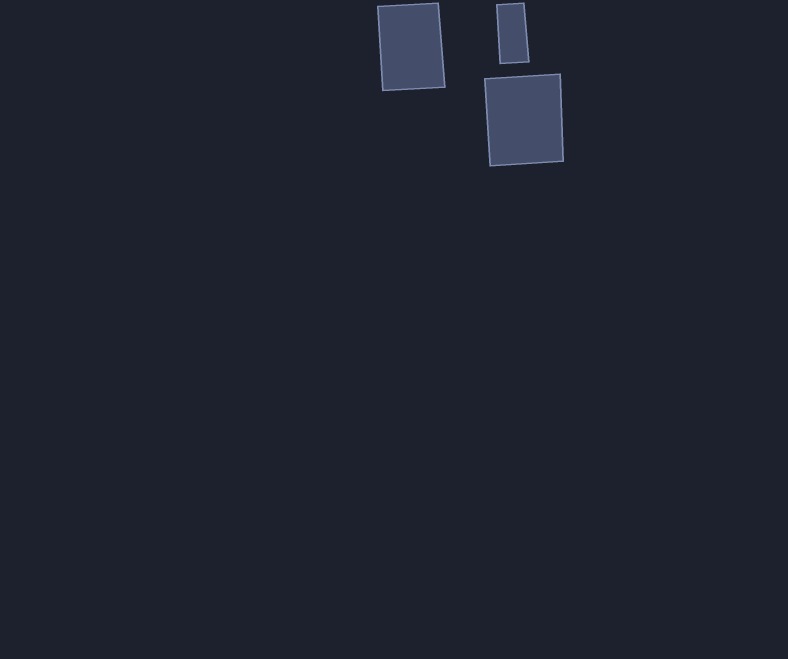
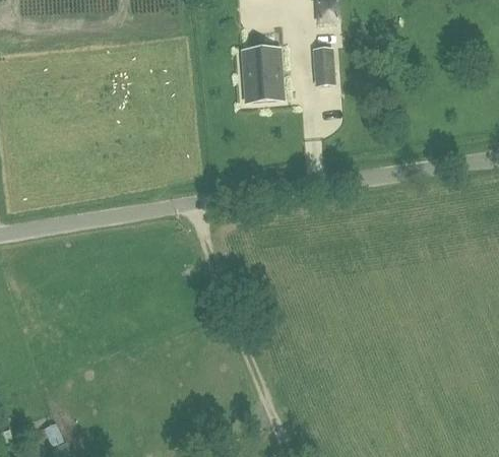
building: [485,74,563,166] -> none

